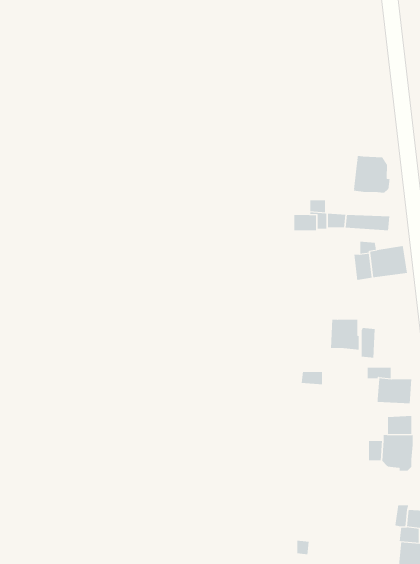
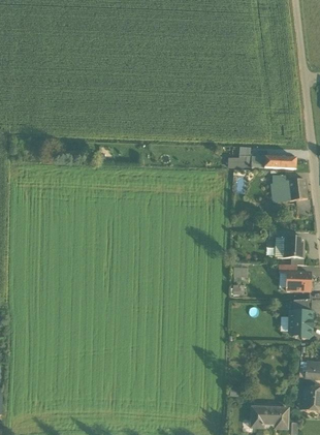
building: [353,155,390,194] -> none
building: [330,319,359,350] -> [284,238,305,259]

